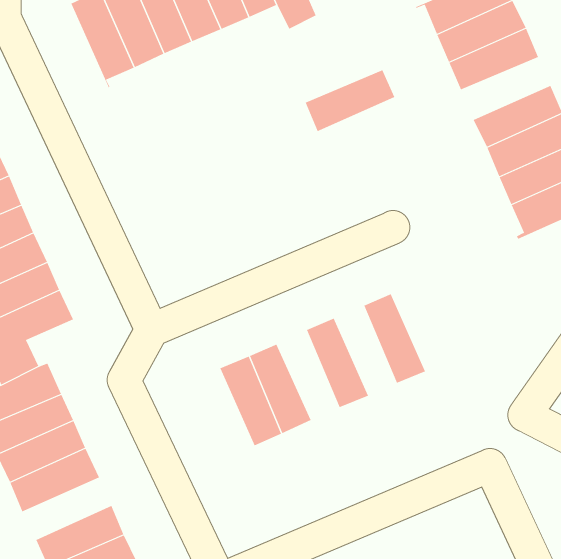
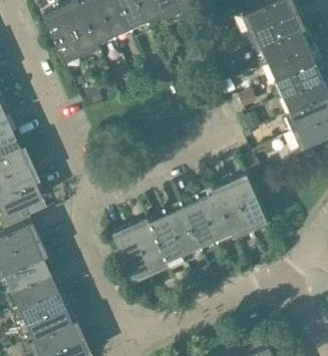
building: [305,69,395,132] -> [269,47,321,83]
building: none -> [229,175,268,229]
building: none -> [196,191,232,243]
building: none -> [162,205,199,257]
building: none -> [112,227,149,284]
building: none -> [15,290,67,326]

